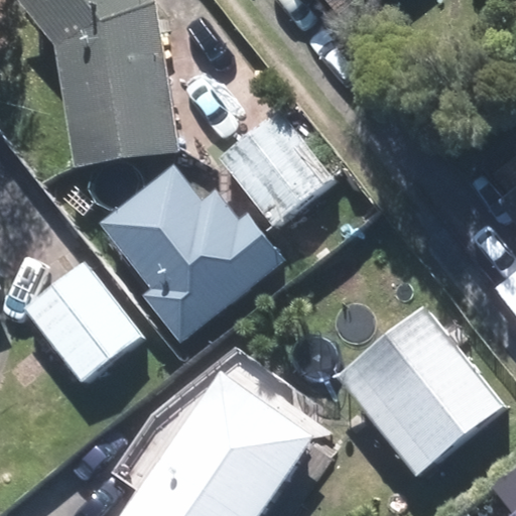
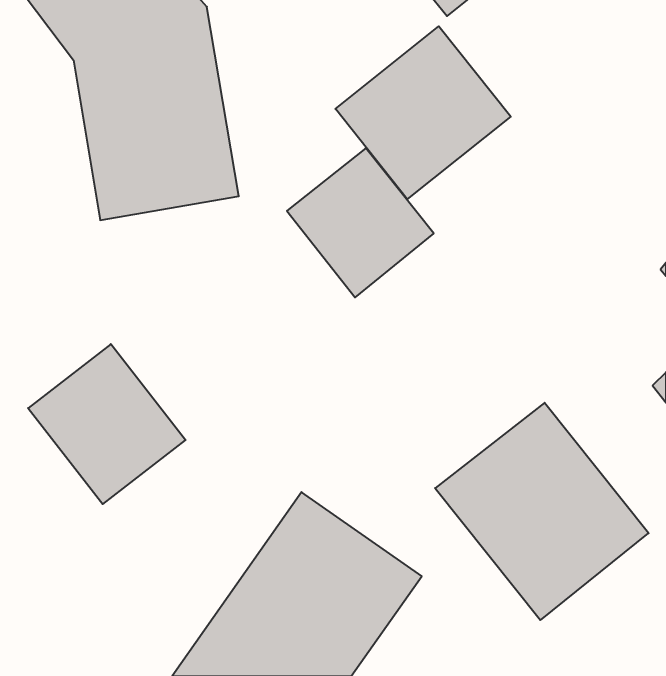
building: none -> [335,26,511,199]
building: [101,165,287,344] -> none

